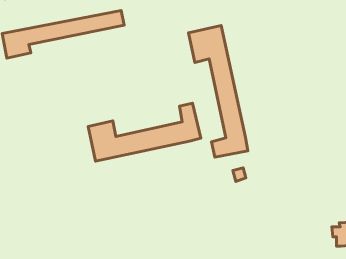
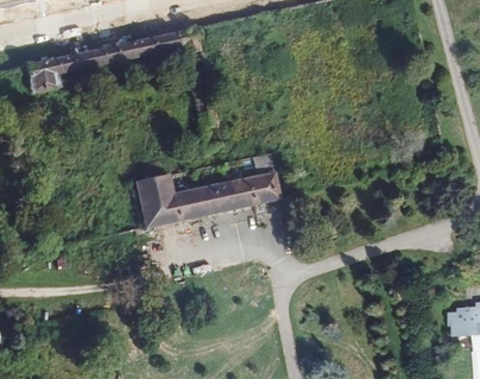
building: [188,26,248,157] -> none

